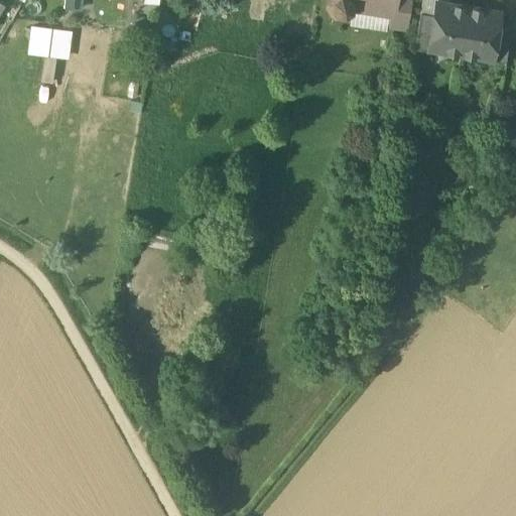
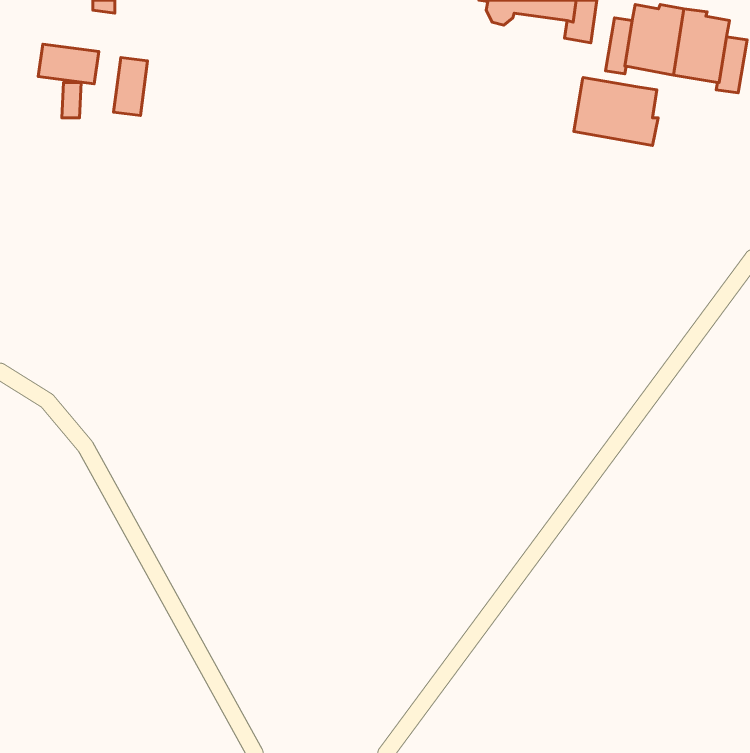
building: none -> [113,57,148,116]
building: none -> [574,77,658,145]

